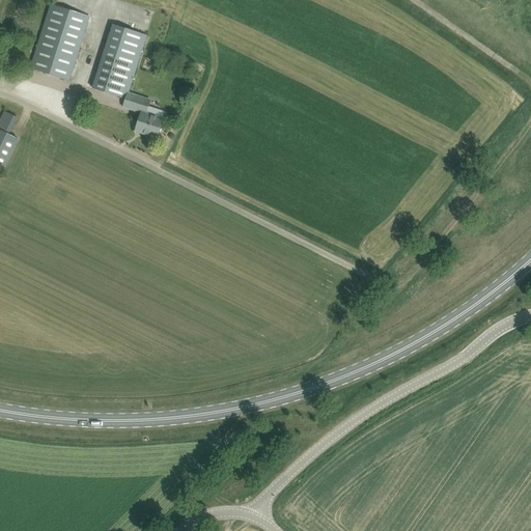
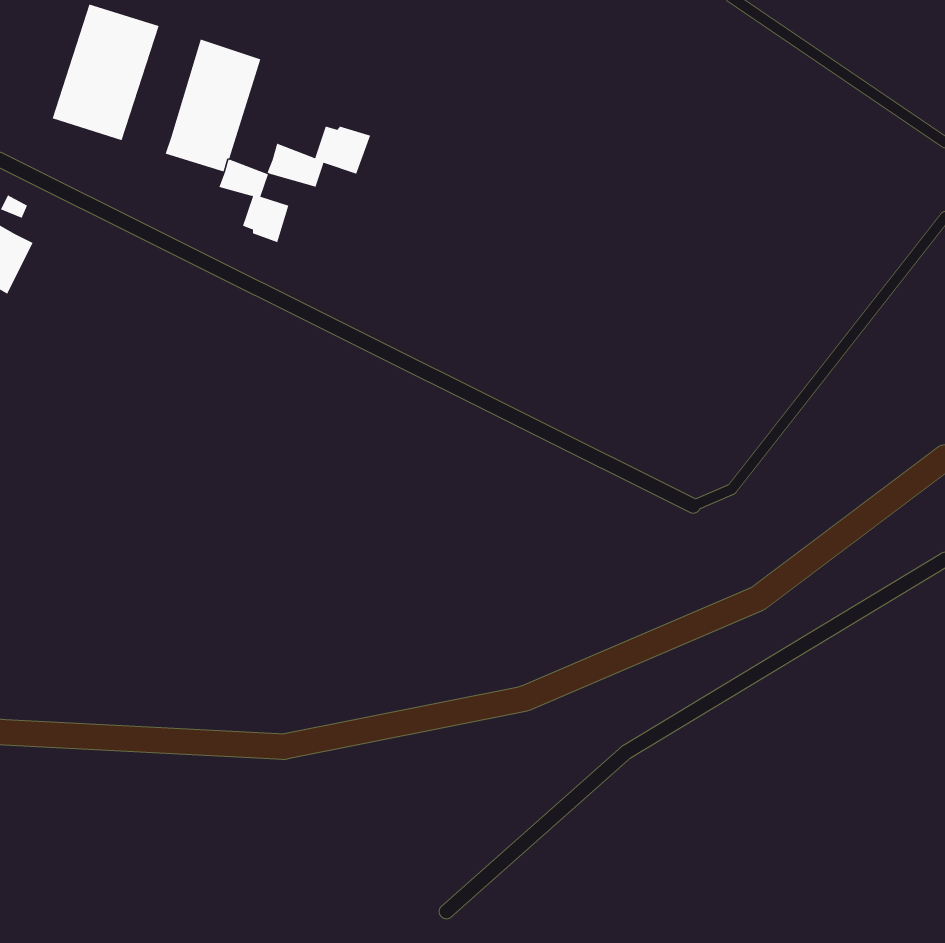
building: none -> [267,122,371,188]

